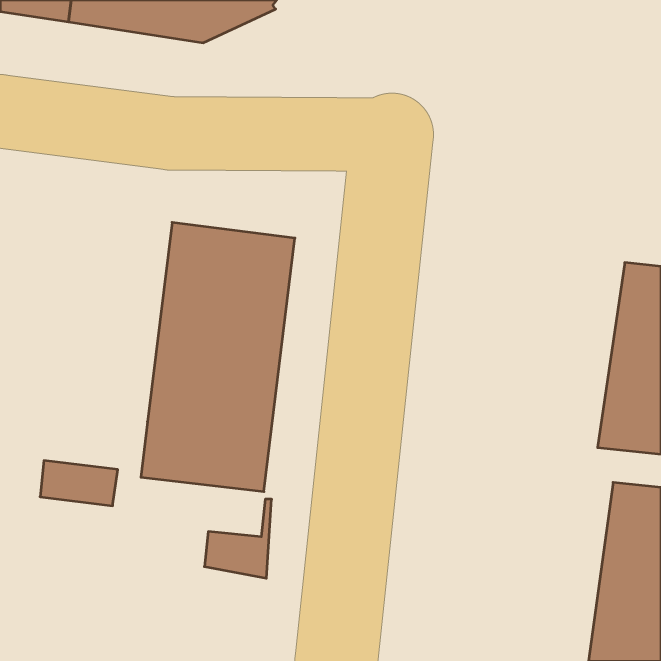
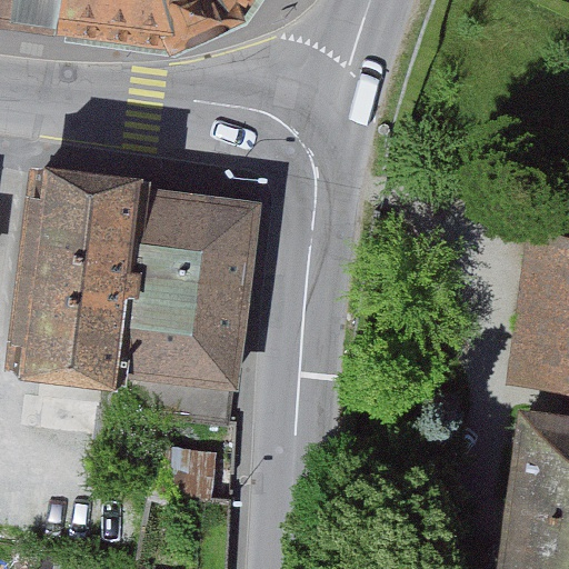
building: none -> [14,177,148,362]

